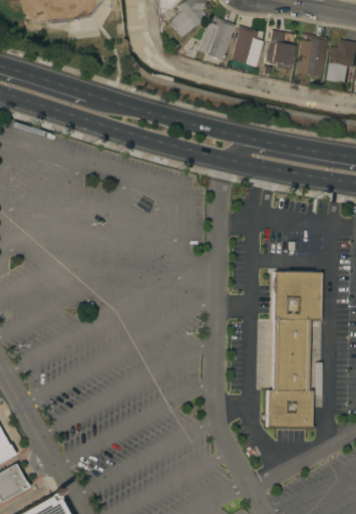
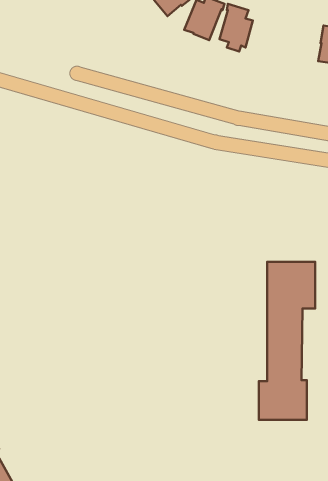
building: [264,30,294,70] -> none
building: [294,34,328,77] -> none

